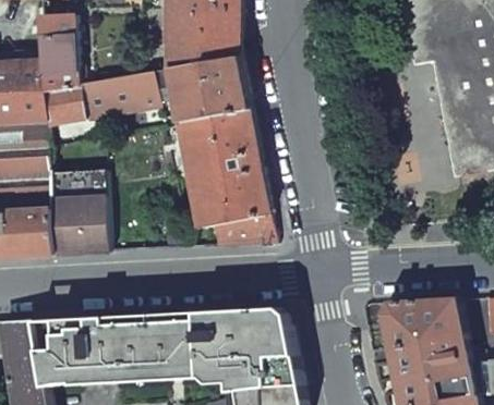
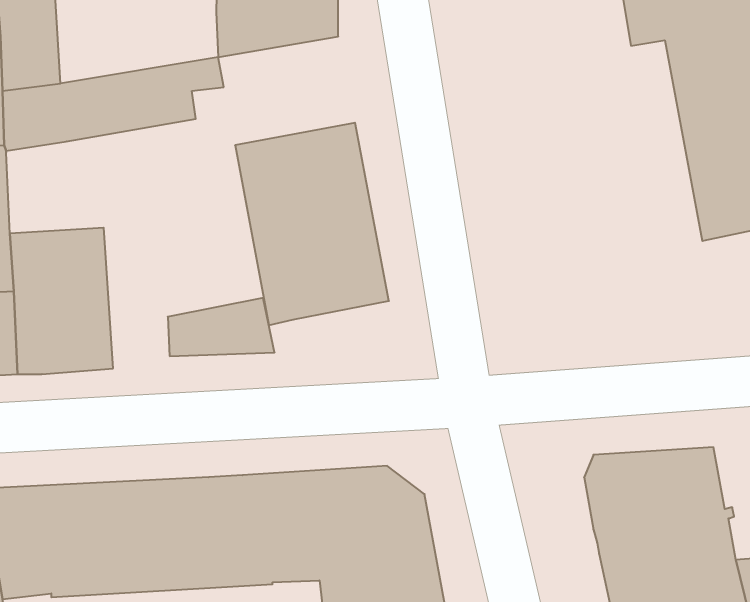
building: [168,59,248,122] -> none
building: [212,212,274,246] -> [168,298,275,356]

